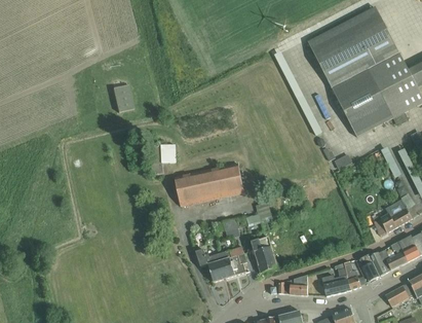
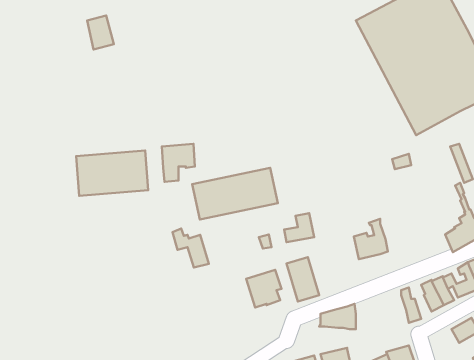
building: [112,84,133,112] -> [87,15,114,49]
building: none -> [76,151,148,196]
building: [195,249,225,281] -> [172,228,209,267]
building: [322,263,350,296] -> [354,219,388,259]

